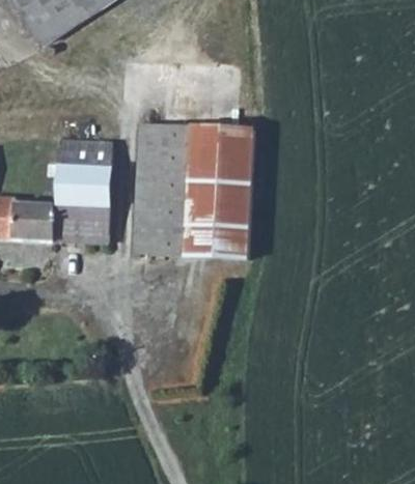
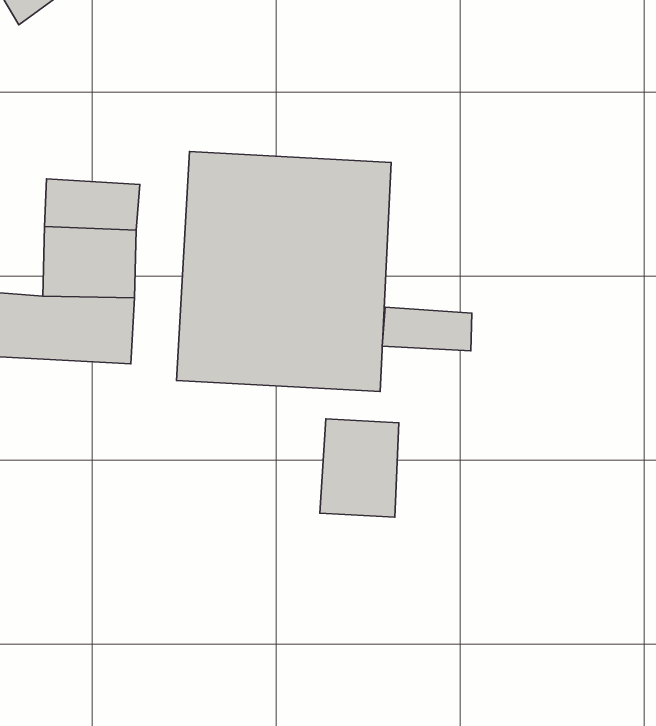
building: none -> [382,307,472,351]
building: none -> [320,419,399,517]

